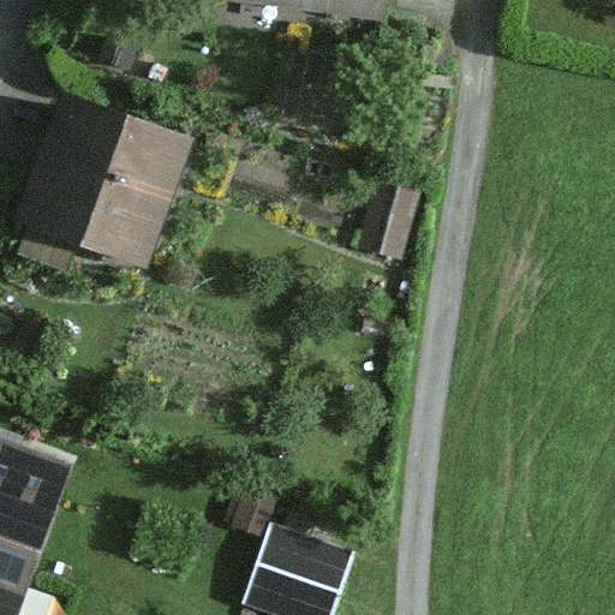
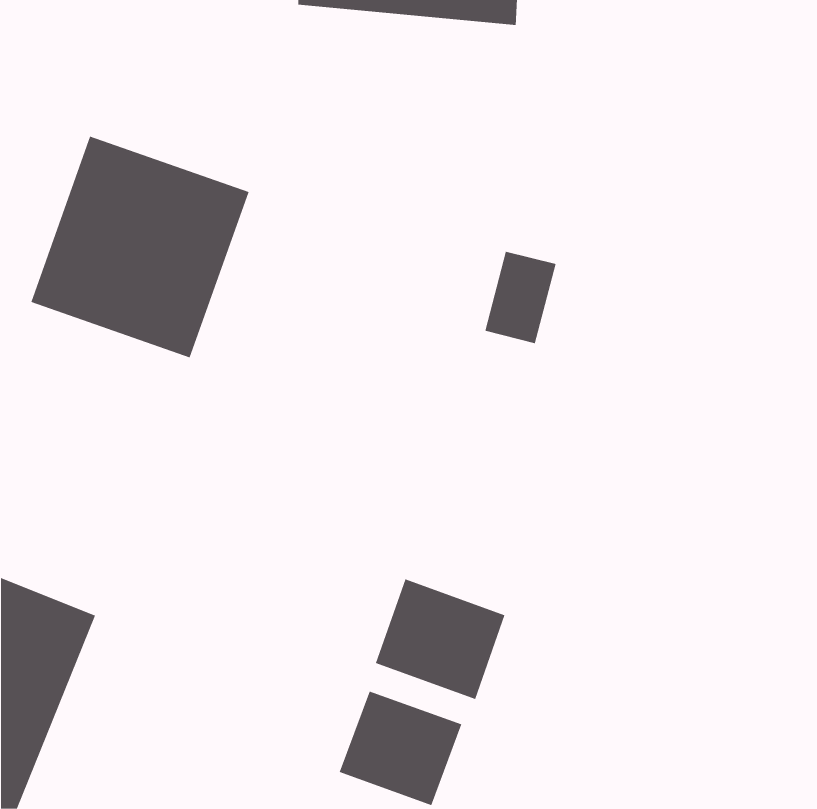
building: none -> [375,578,505,700]

